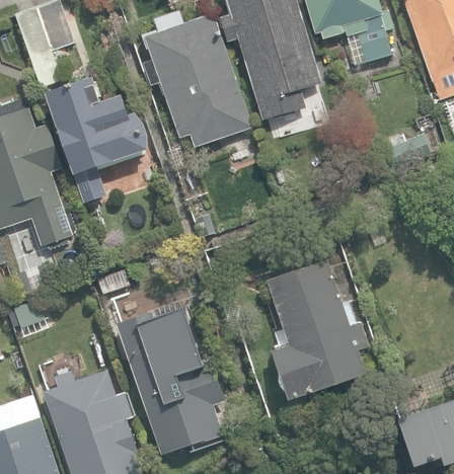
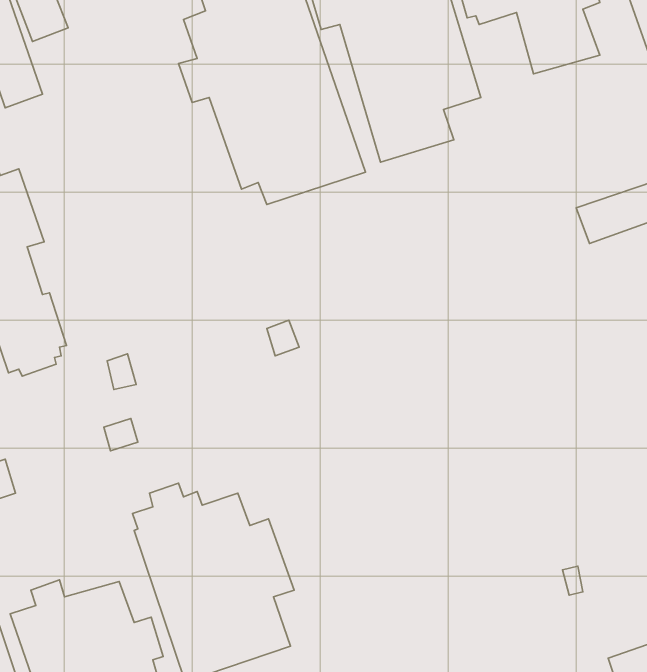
building: [46,78,148,205] -> none
building: [267,258,369,399] -> none

